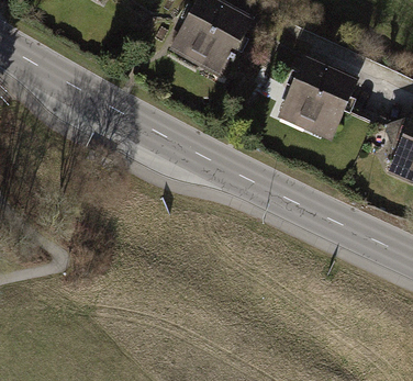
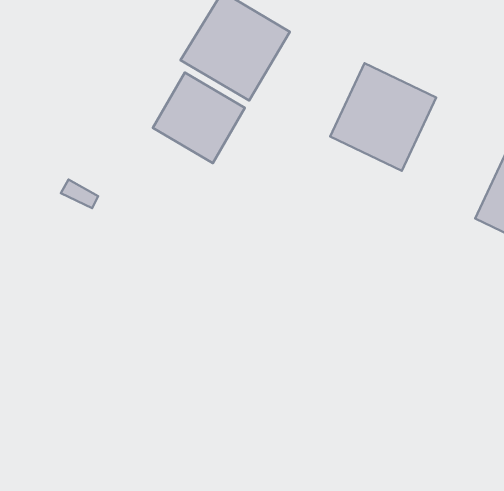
building: none -> [153,72,245,163]

